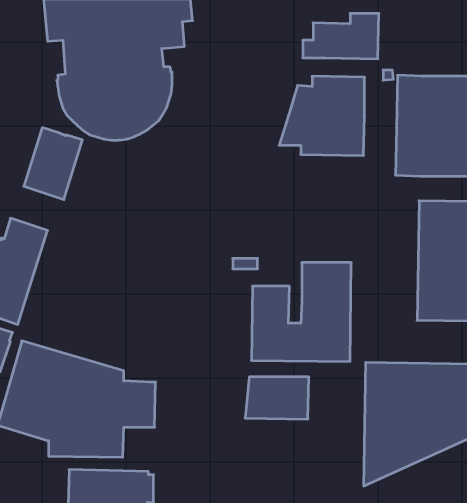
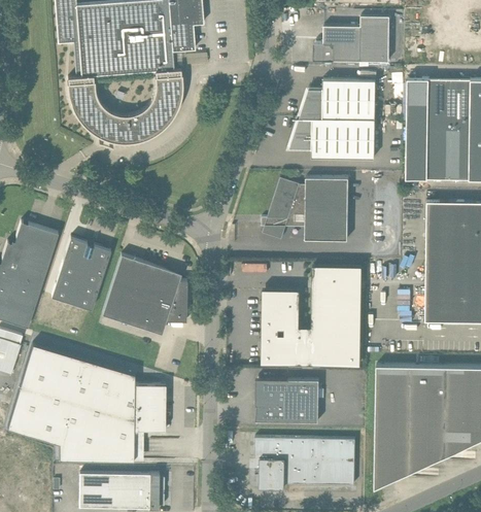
building: [24,128,82,200] -> [51,238,110,310]
building: none -> [262,177,349,240]
building: none -> [102,254,186,333]
building: none -> [254,438,354,488]

